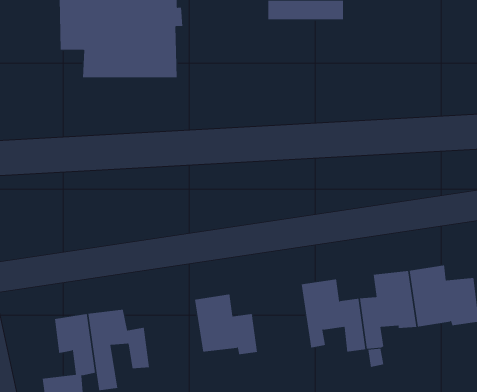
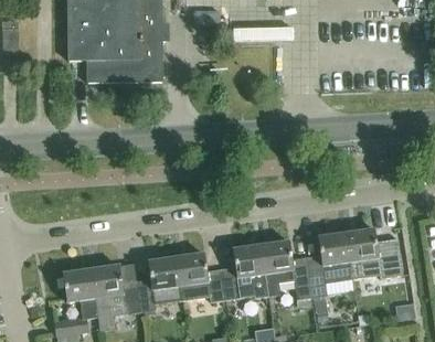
building: none -> [222,245,268,299]
building: none -> [136,257,182,311]

